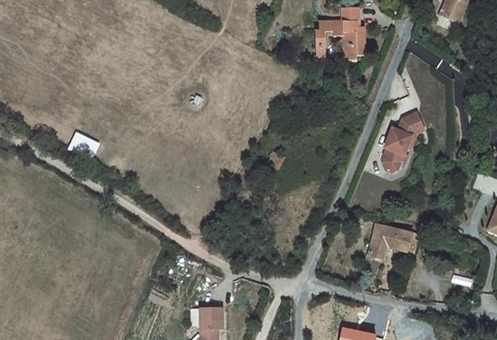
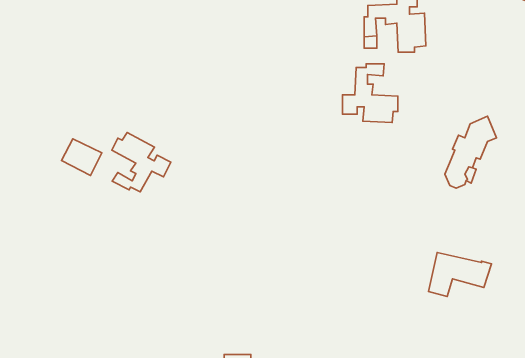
building: none -> [343,64,398,122]
building: none -> [112,132,171,192]

